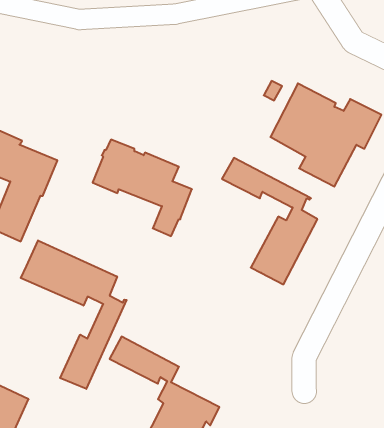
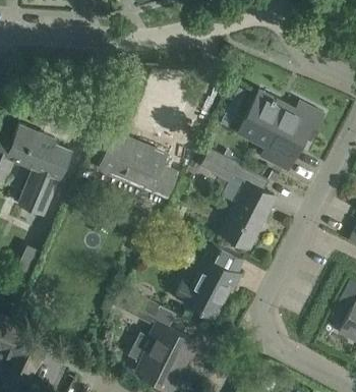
building: [21,240,127,389] -> none
building: none -> [175,244,242,320]

